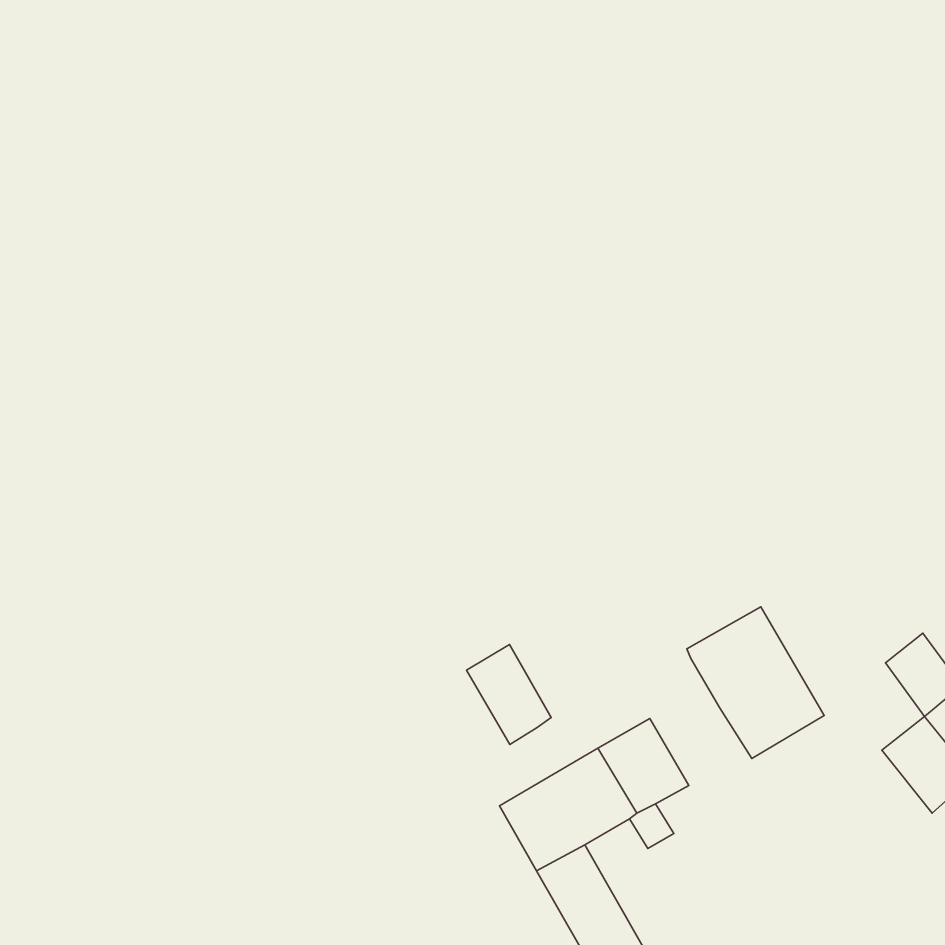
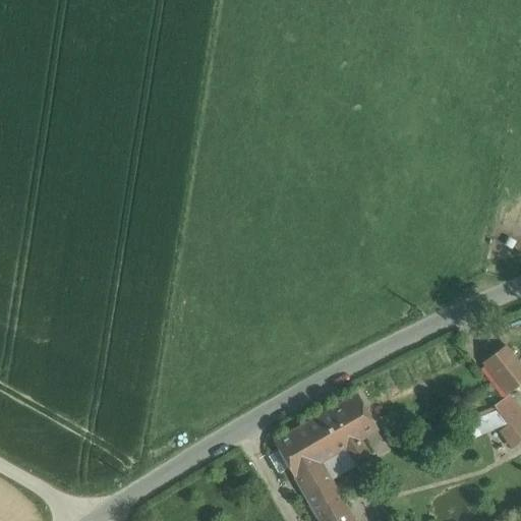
building: [687,607,824,759] -> none
building: [466,644,551,745] -> none

